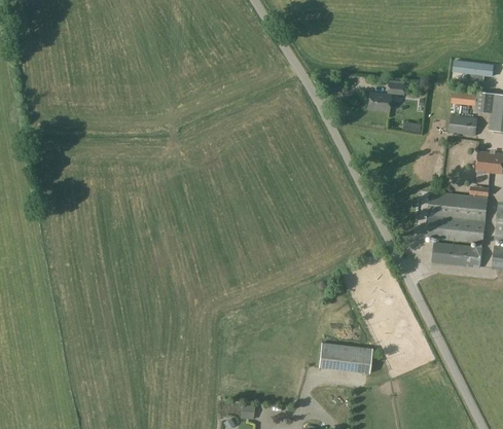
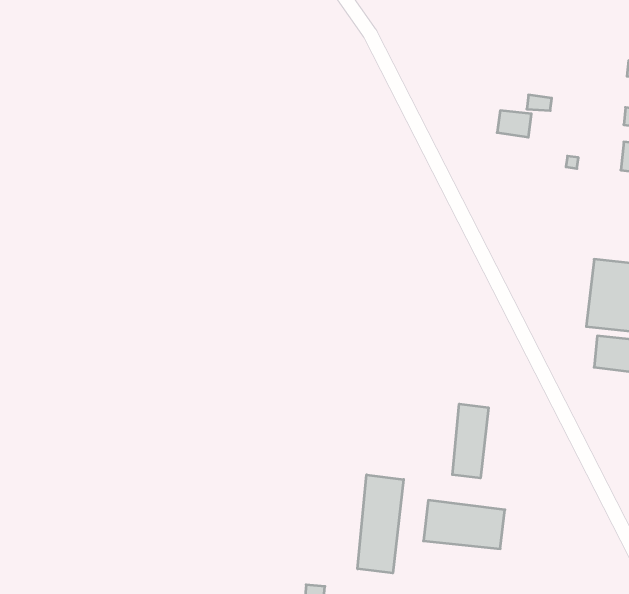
building: none -> [452,404,488,478]
building: none -> [358,475,404,573]

